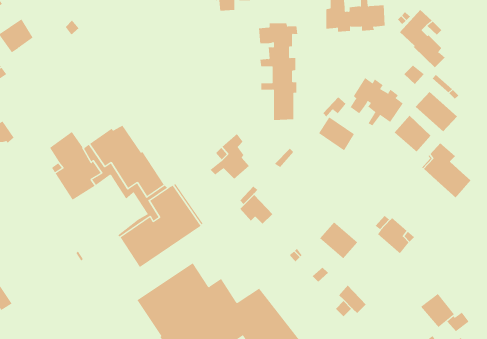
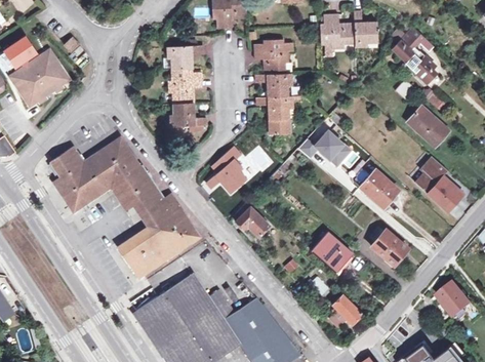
building: none -> [167,46,206,127]
building: none -> [12,52,68,105]
building: [350,77,403,126] -> none
building: [394,115,432,153] -> [360,169,397,206]
building: [420,293,455,328] -> [436,283,470,317]

